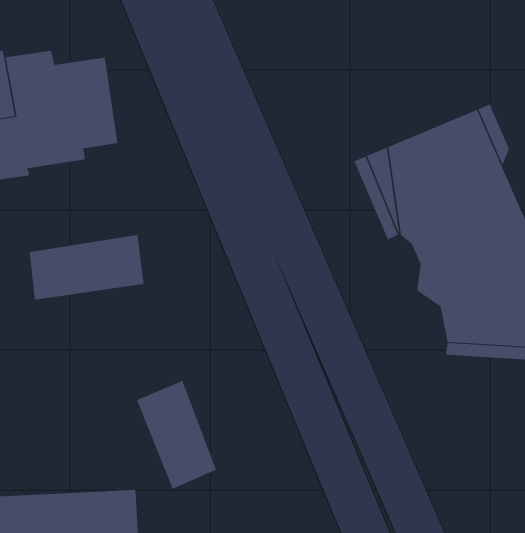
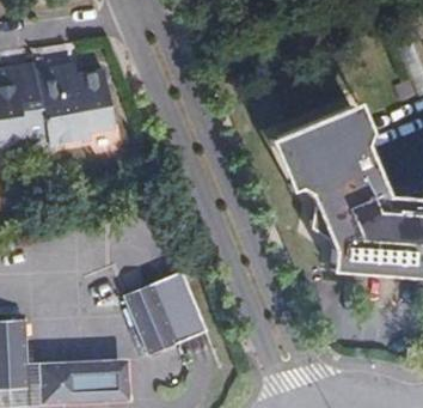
building: [29,234,144,300] -> none
building: none -> [158,275,208,346]

